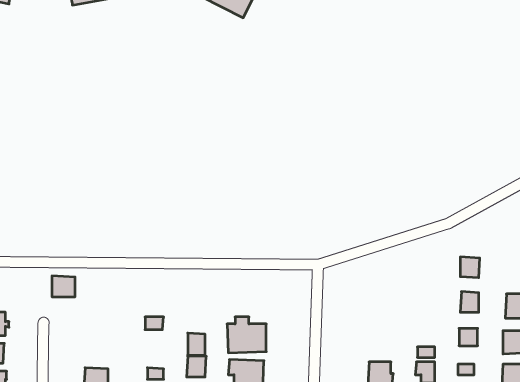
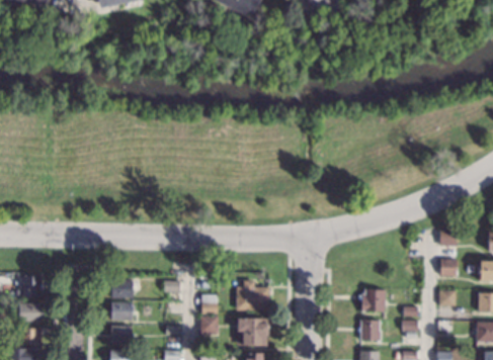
building: [52,276,75,297] -> [112,279,133,297]
building: none -> [361,288,385,311]
building: none -> [111,301,133,320]

